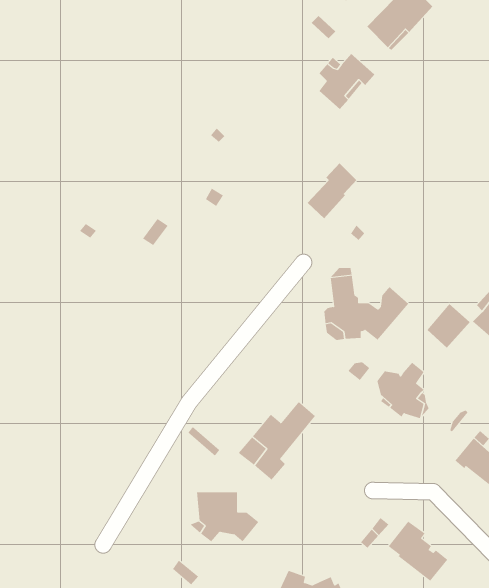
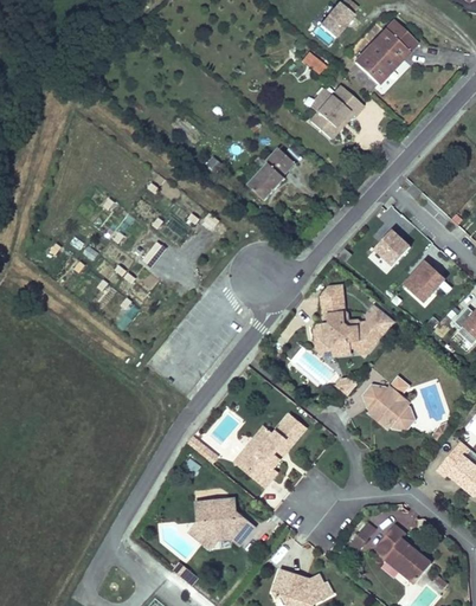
building: [307,162,357,219] -> [247,147,295,200]
building: none -> [374,231,411,269]
building: [427,303,471,349] -> [405,260,446,303]

